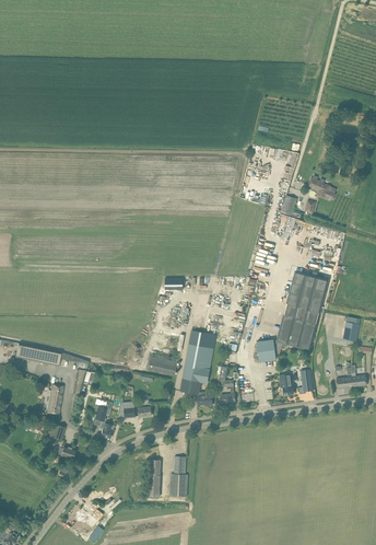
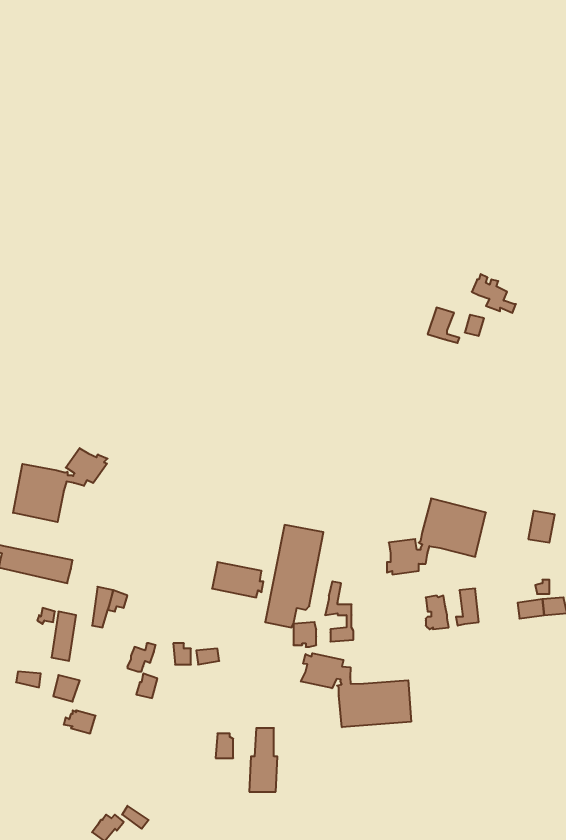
building: [282,269,328,322] -> none
building: none -> [13,448,108,522]
building: none -> [301,653,411,727]

